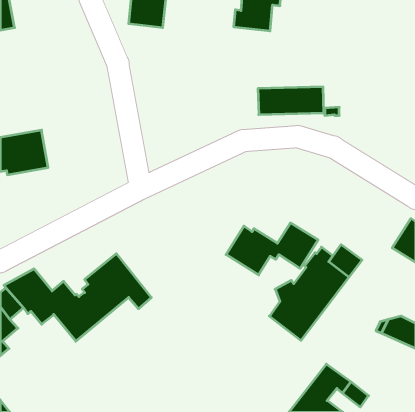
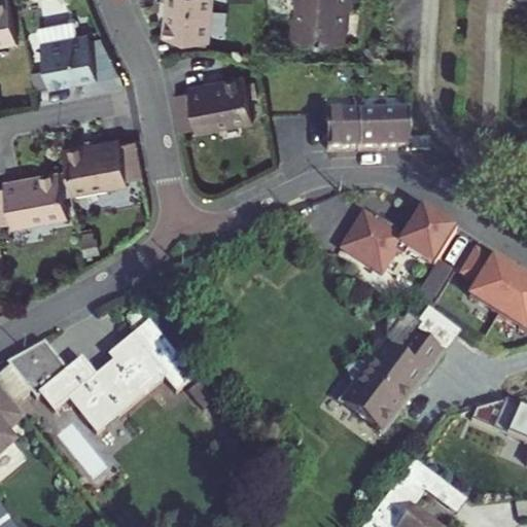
building: none -> [41,11,99,81]
building: none -> [173,70,250,126]
building: none -> [61,127,140,185]
building: none -> [459,248,521,314]
building: [226,223,318,275] -> [340,209,456,275]

